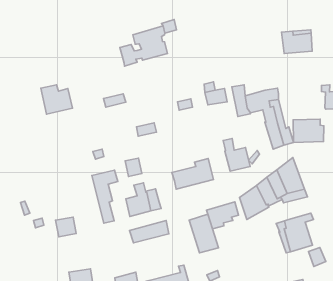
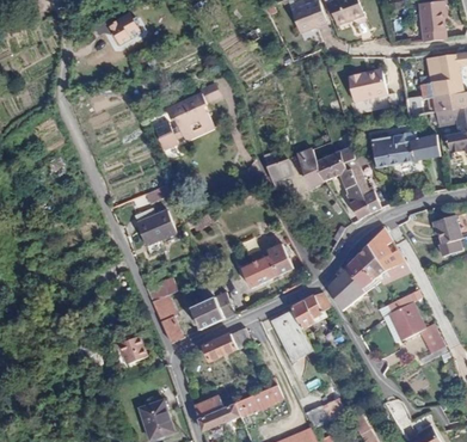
building: [41,85,72,114] -> [134,208,176,245]
building: [293,119,324,143] -> [371,135,412,168]
building: [223,138,250,171] -> none

